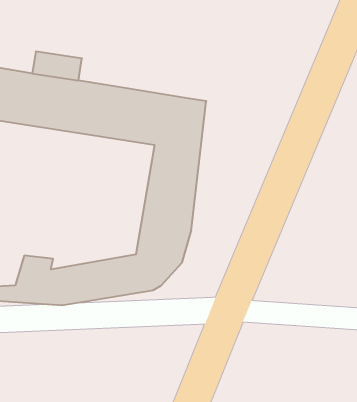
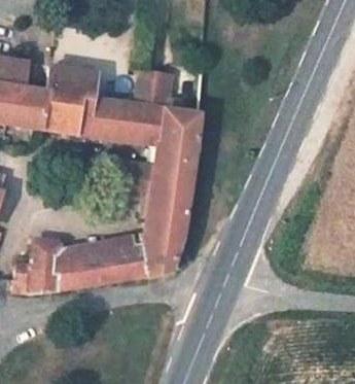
building: none -> [133,68,184,105]

